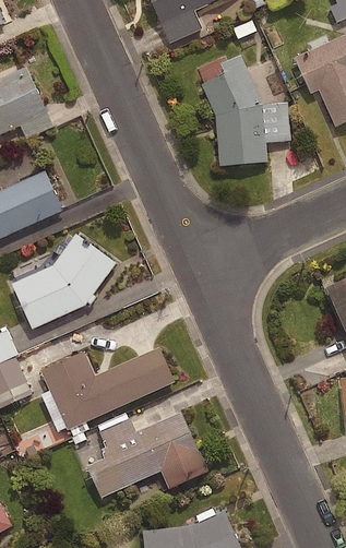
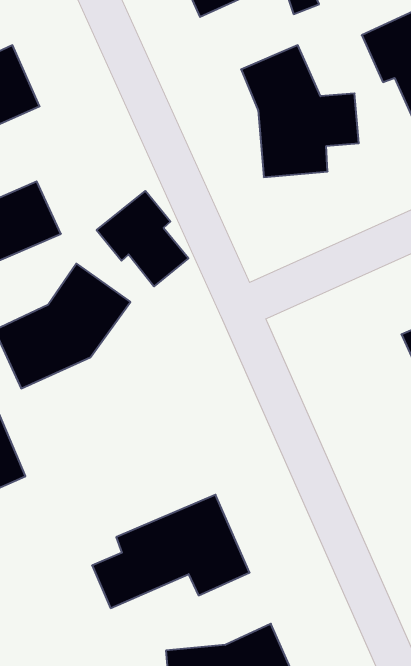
building: none -> [97,191,188,286]
building: [40,346,175,429] -> none

